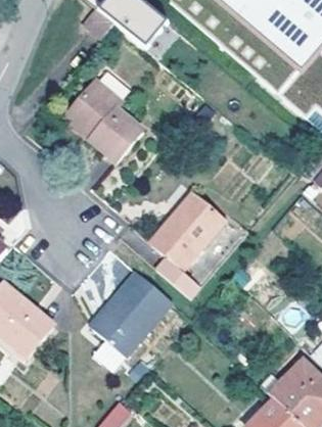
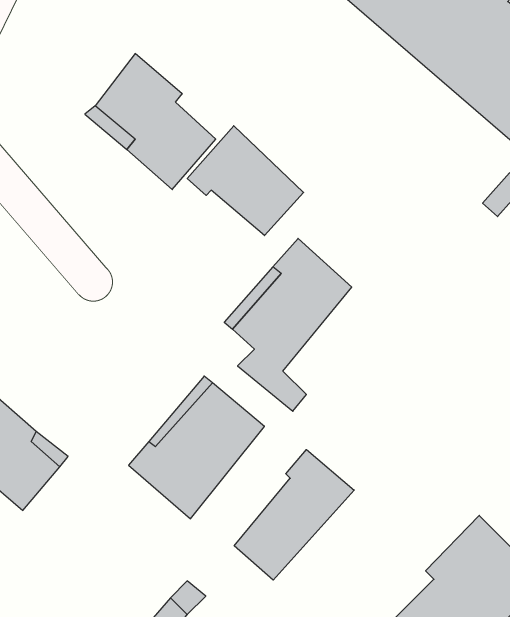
building: none -> [187,126,304,236]
building: none -> [234,450,354,580]

